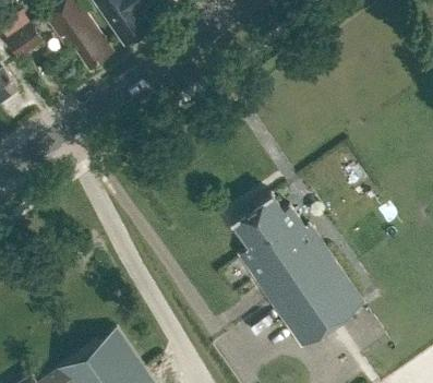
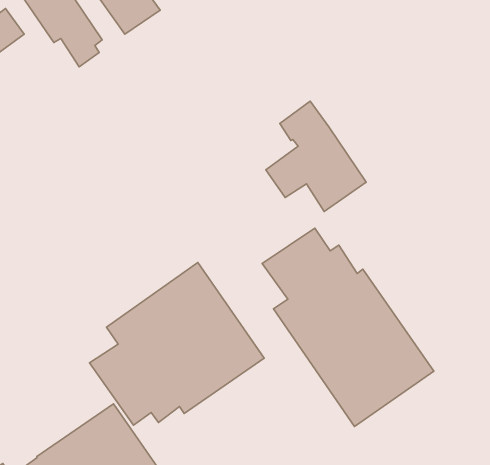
building: none -> [266,101,366,211]
building: none -> [90,263,264,425]

